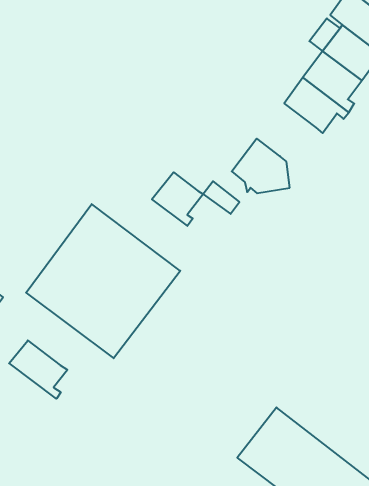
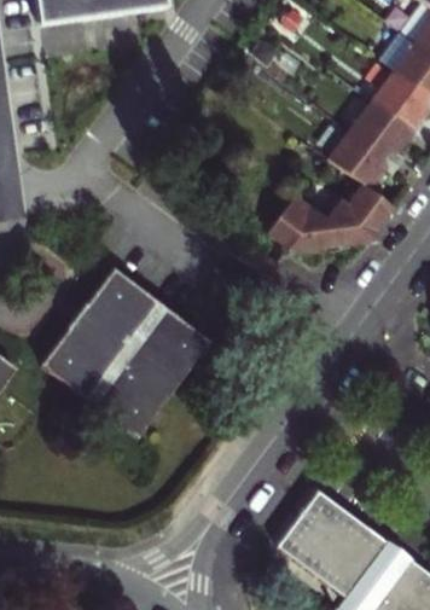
building: none -> [324,184,396,250]
building: [152,172,203,226] -> none
building: [9,340,67,399] -> none

